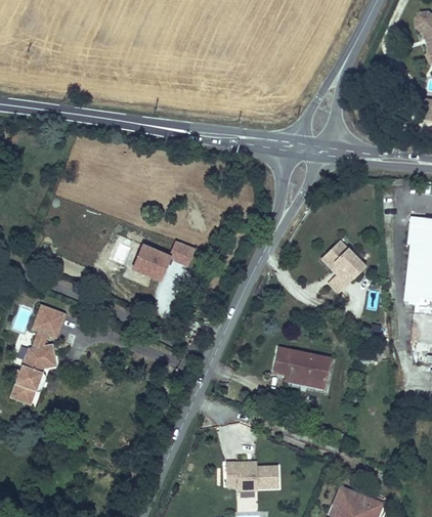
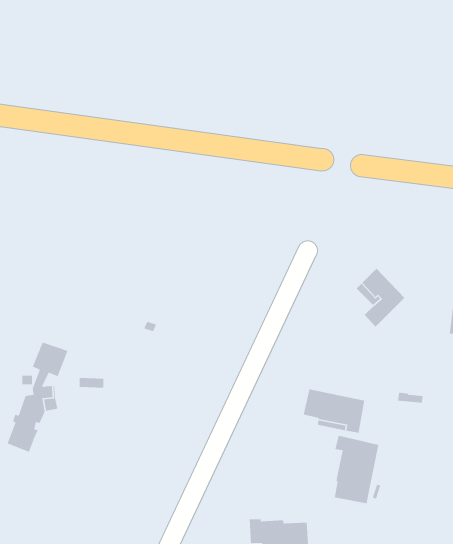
building: [133,241,195,281] -> none
building: none -> [334,435,379,504]

